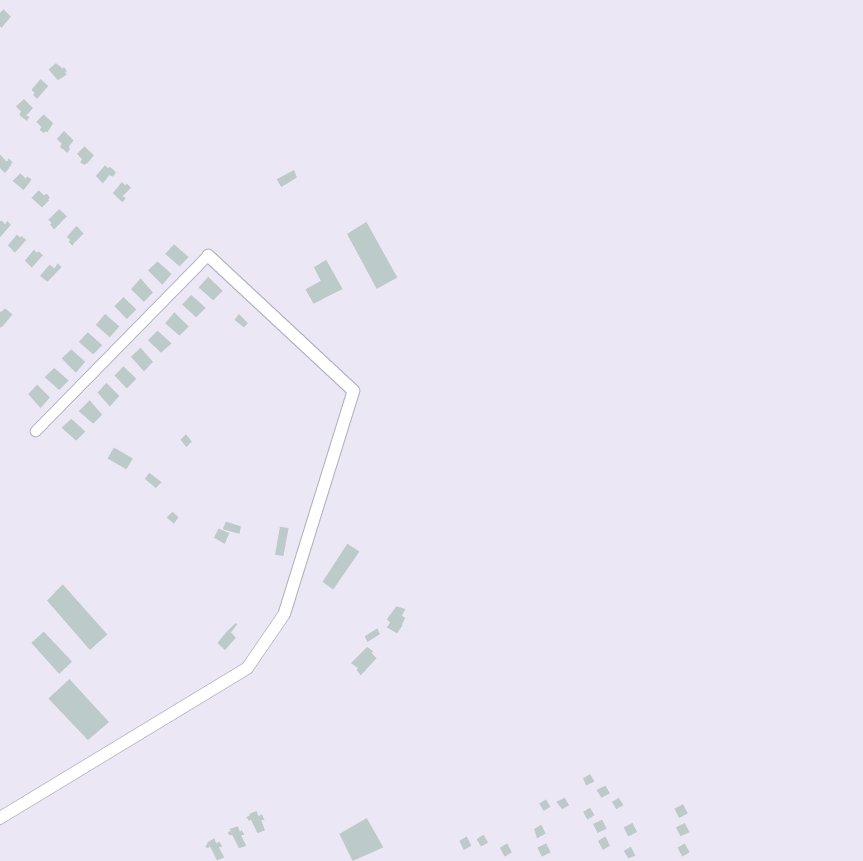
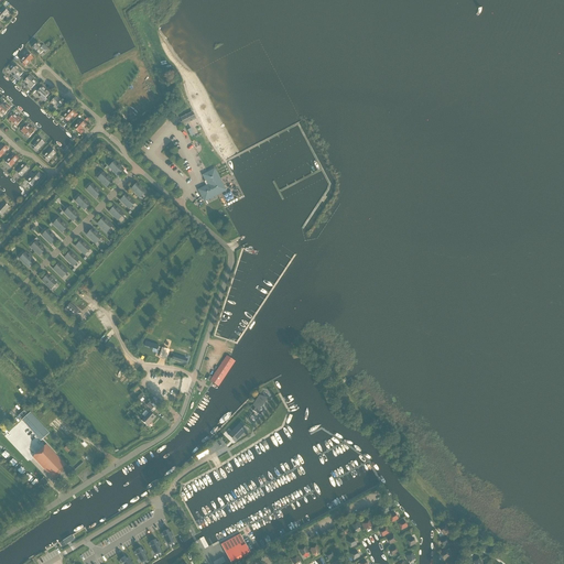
building: [346,221,398,290] -> none
building: [46,584,108,651] -> none

